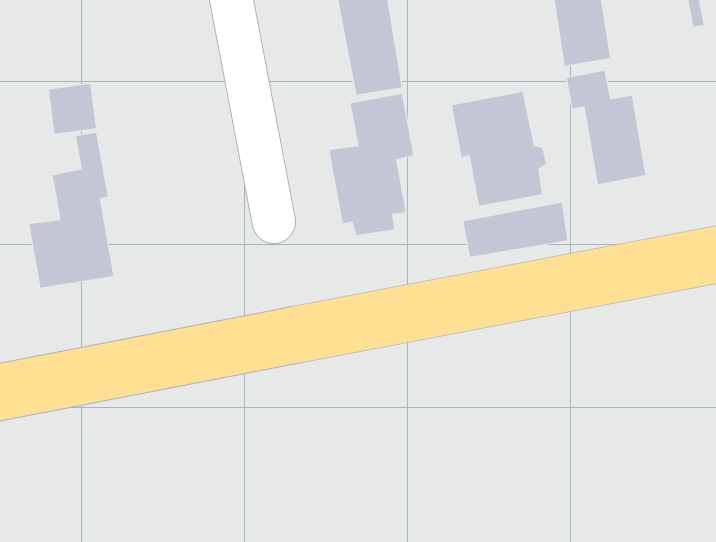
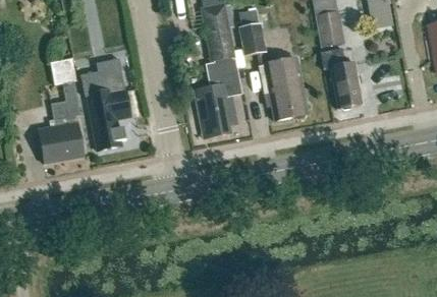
building: none -> [238,20,267,54]
building: none -> [79,69,129,148]
building: [463,202,568,258] -> none

